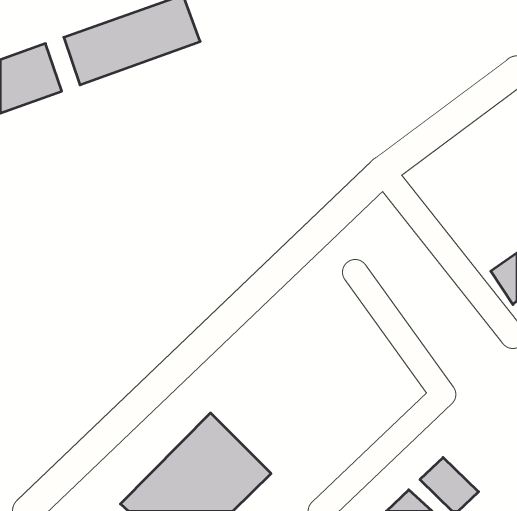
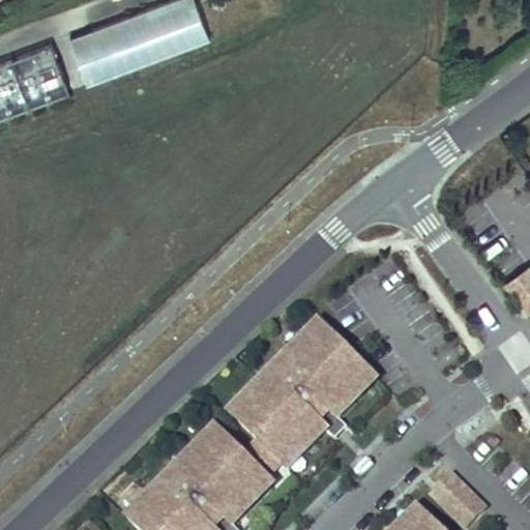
building: none -> [228,317,382,475]

